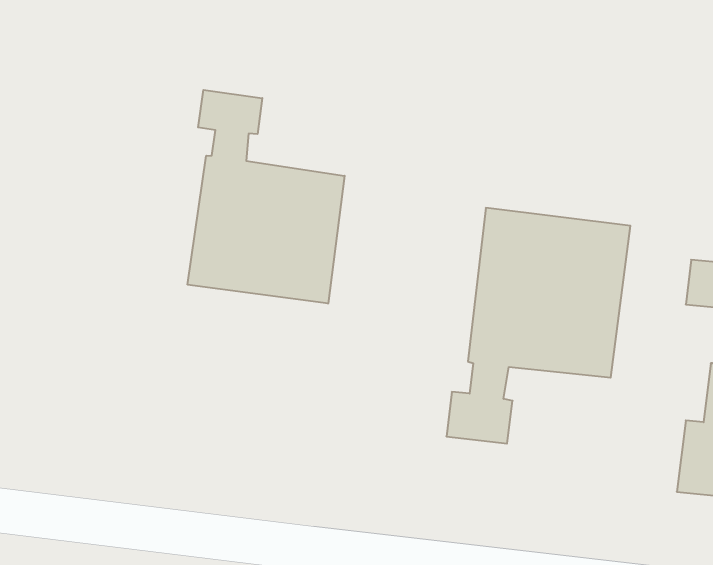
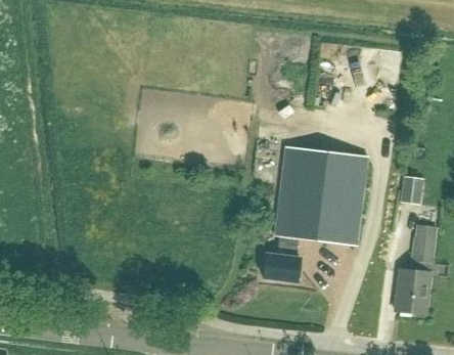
building: [188,90,345,304] -> none

